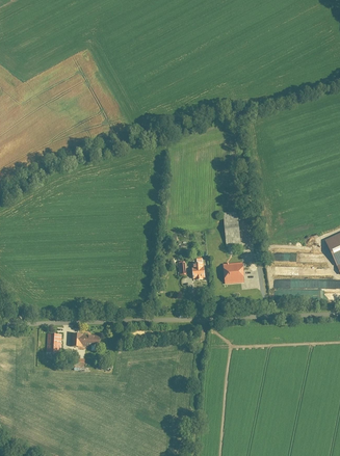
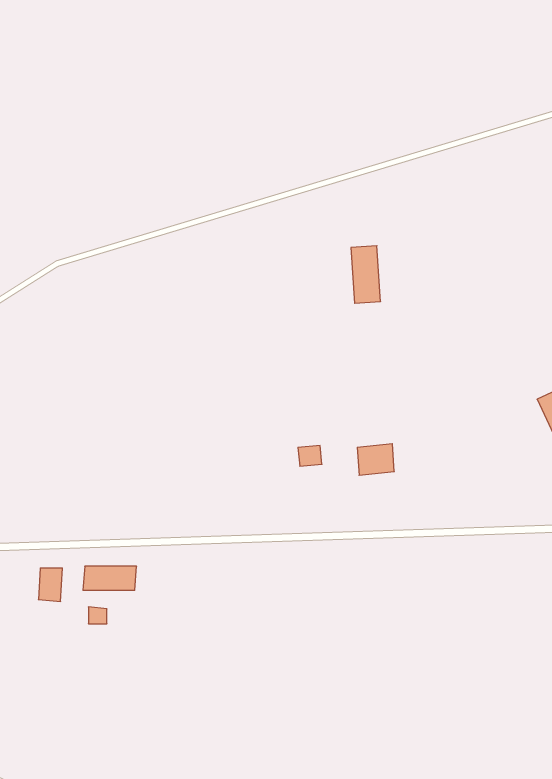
building: [221,212,238,244] -> [351,246,381,303]

